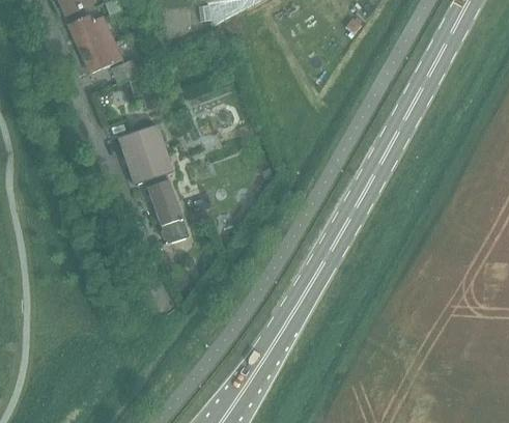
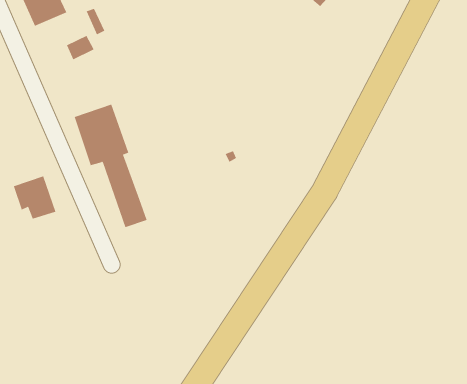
building: [81,37,121,73] -> none
building: none -> [13,175,56,220]

